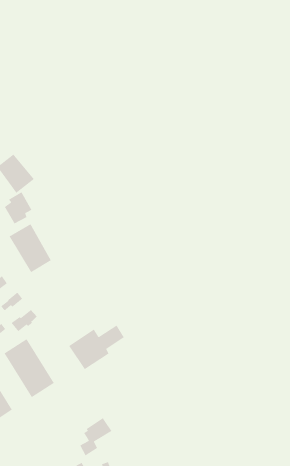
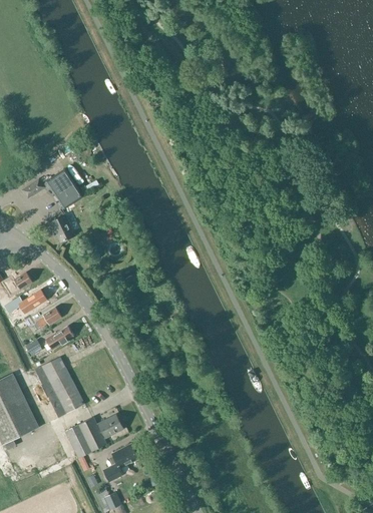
building: [8,223,52,273] -> none
building: [68,325,125,370] -> [65,415,123,458]

